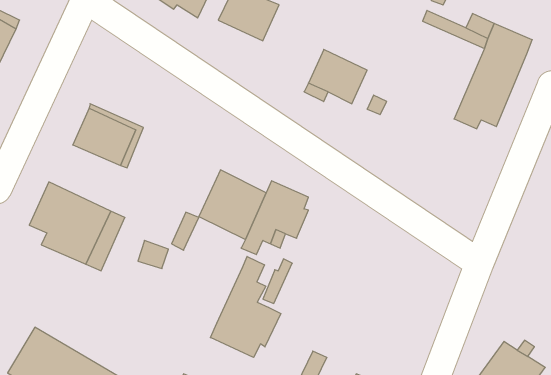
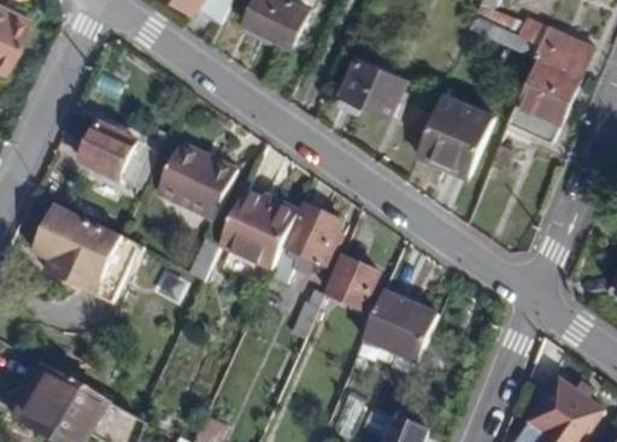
building: none -> [416,93,494,172]
building: none -> [158,148,239,218]
building: none -> [329,258,378,307]
building: [210,256,281,357] -> none
building: none -> [364,291,439,361]

